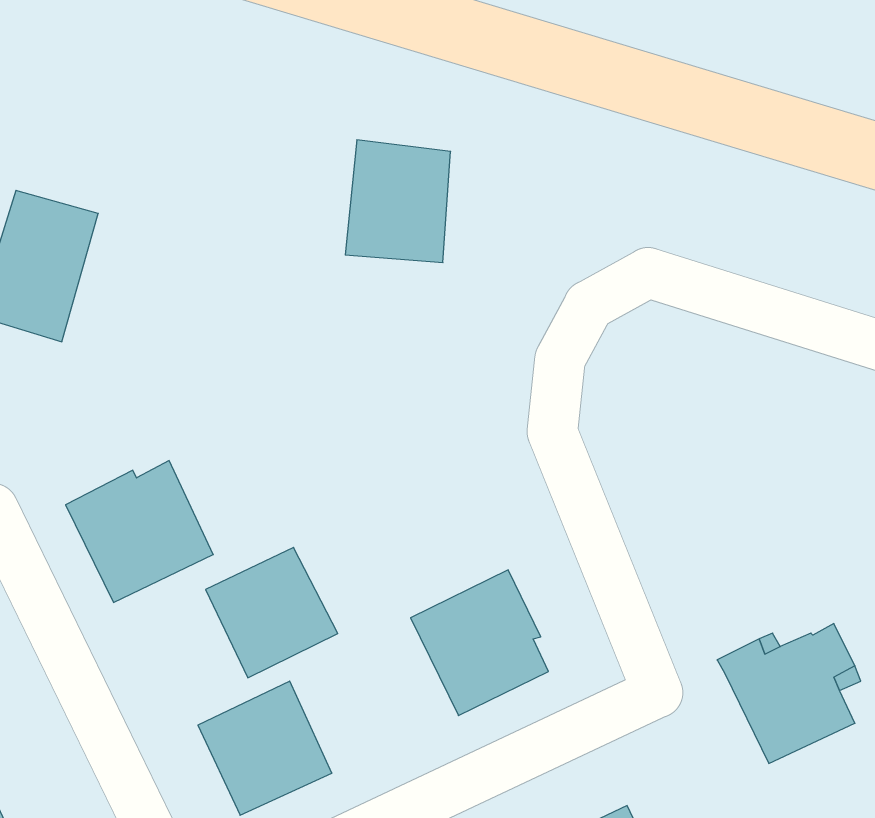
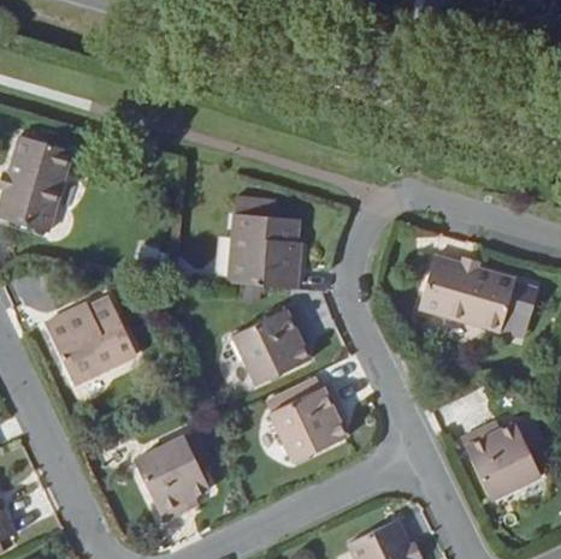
building: [345,140,451,263] -> [235,214,301,291]
building: none -> [420,255,542,322]
building: [206,547,338,678] -> [222,311,305,393]

